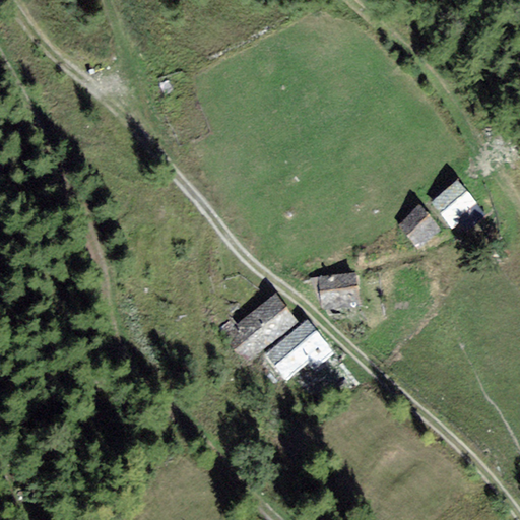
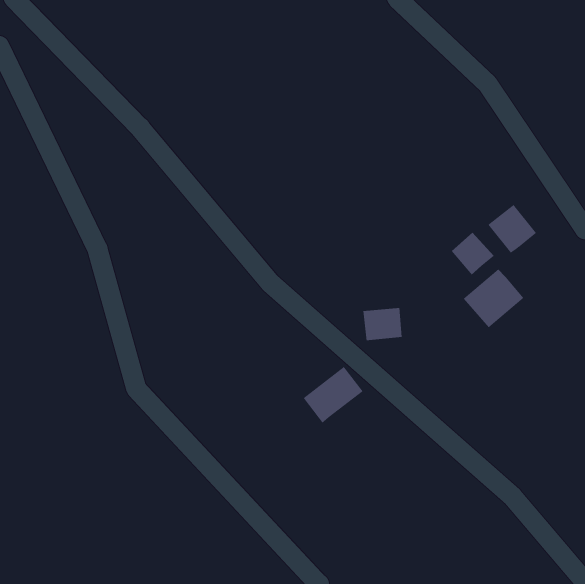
building: none -> [463,268,524,328]
building: [228,294,295,355] -> none

